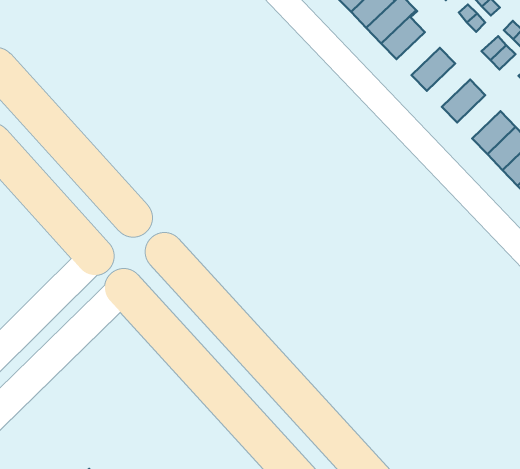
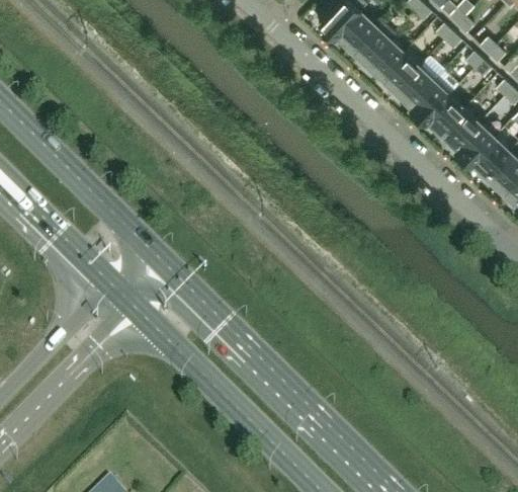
building: none -> [378,52,419,93]
building: none -> [409,80,449,121]
building: none -> [439,108,480,150]

